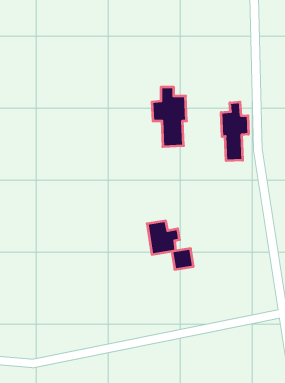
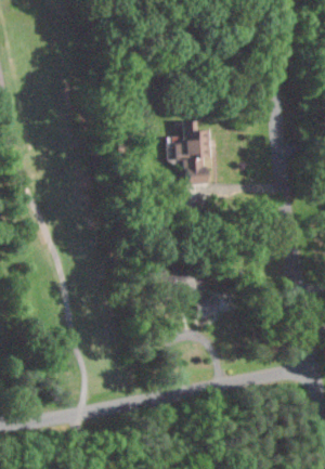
building: [221,102,248,161] -> none

